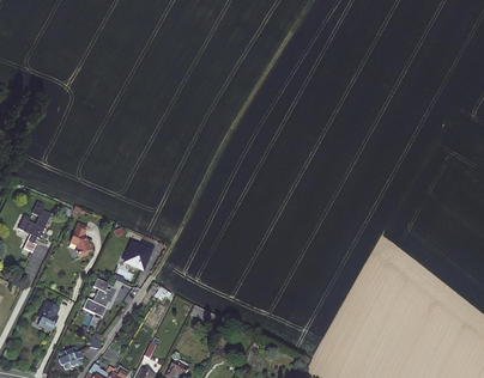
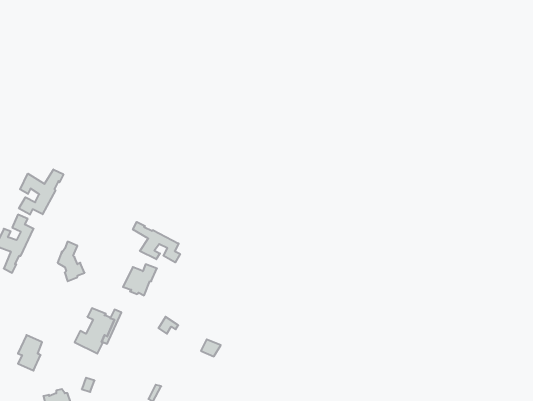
building: none -> [19,169,63,215]
building: none -> [133,222,180,262]

